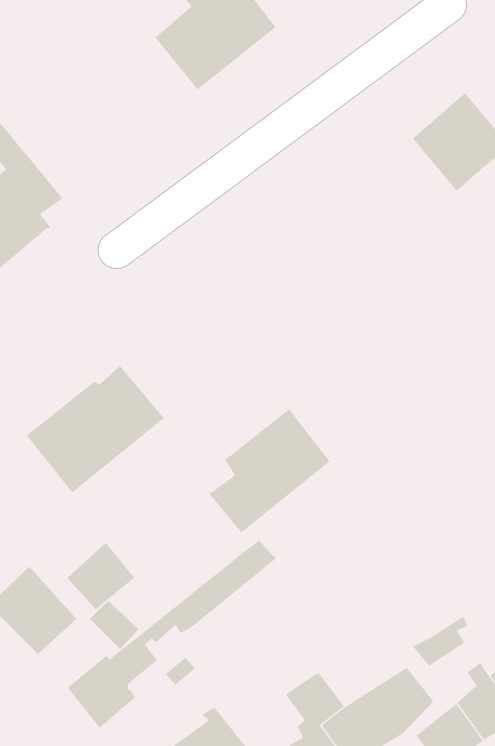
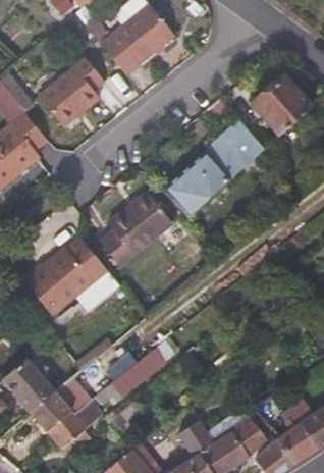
building: none -> [38,58,102,127]
building: none -> [163,122,263,217]
building: [209,408,330,533] -> [99,192,171,266]
building: [67,542,135,610] -> [31,389,71,430]

